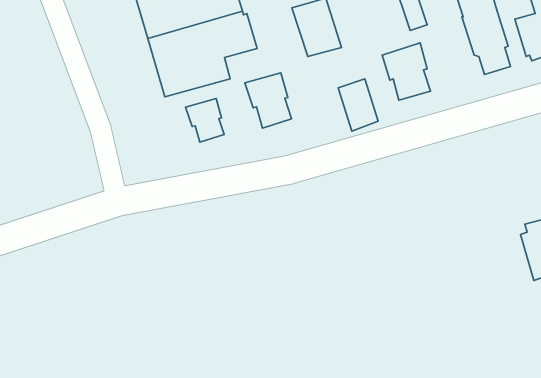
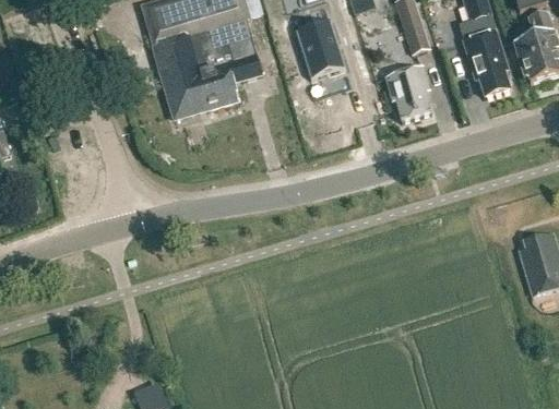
building: [245,73,292,128] -> none
building: [338,79,378,131] -> none
building: [186,99,224,142] -> none

